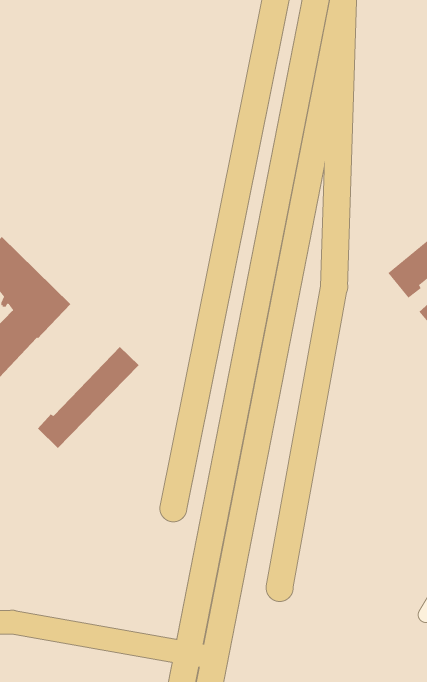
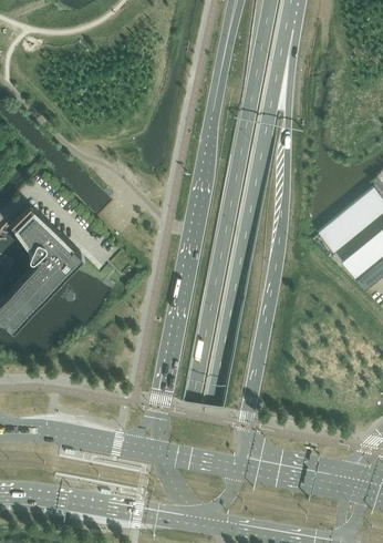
building: [37,346,139,449] -> none

